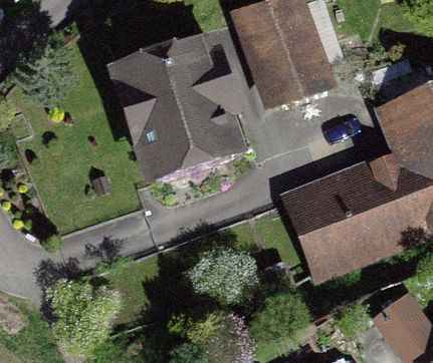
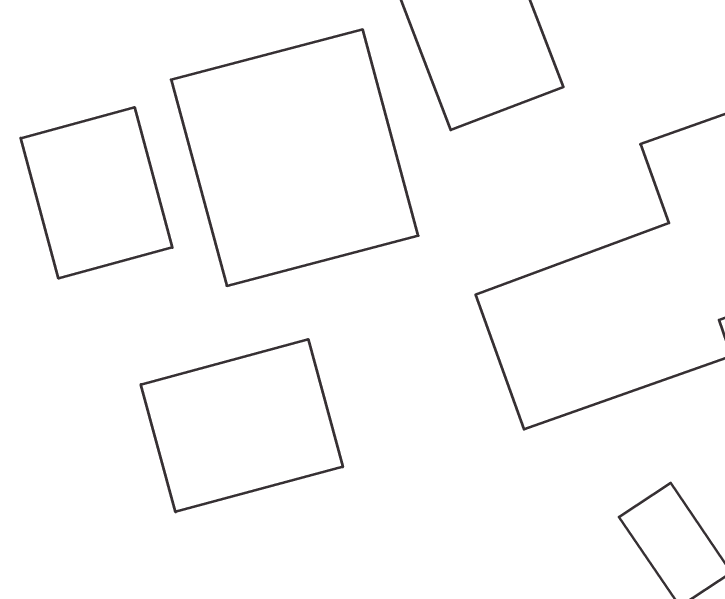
building: none -> [21,107,172,278]
building: none -> [141,339,343,512]

